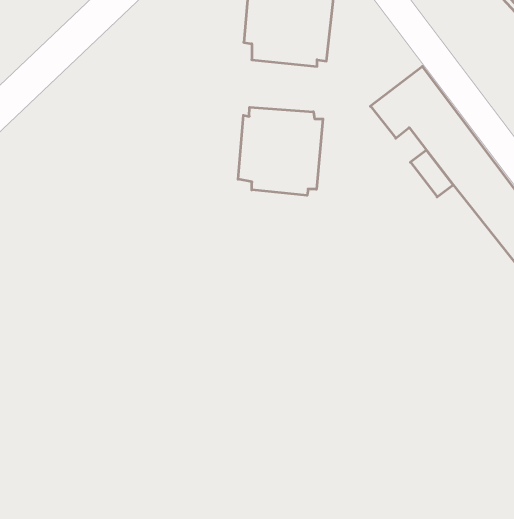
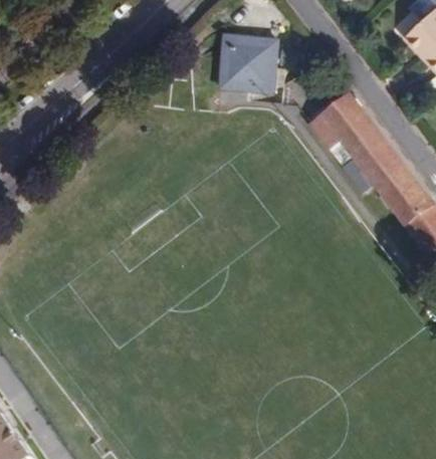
building: [238,107,323,195] -> none

